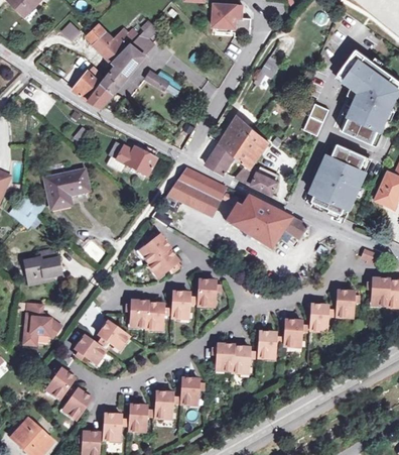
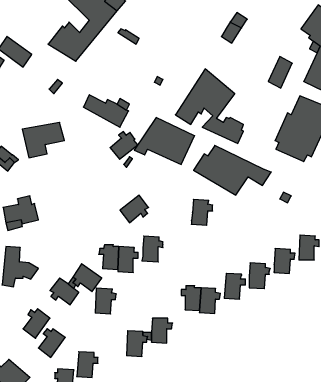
building: [138,234,167,263] -> [110,132,138,159]
building: [196,279,219,307] -> [191,199,213,225]
building: [128,405,150,432] -> [95,288,116,314]

